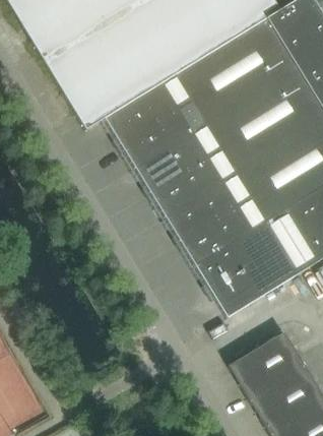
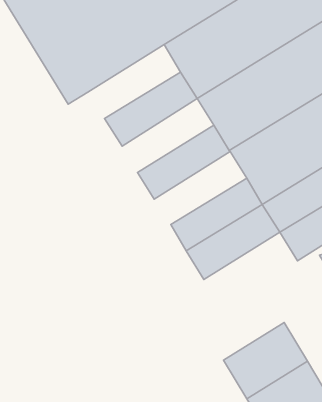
building: [106,74,191,142] -> none
building: [137,124,221,192] -> none
building: [167,173,252,240] -> none
building: [212,247,299,317] -> none

